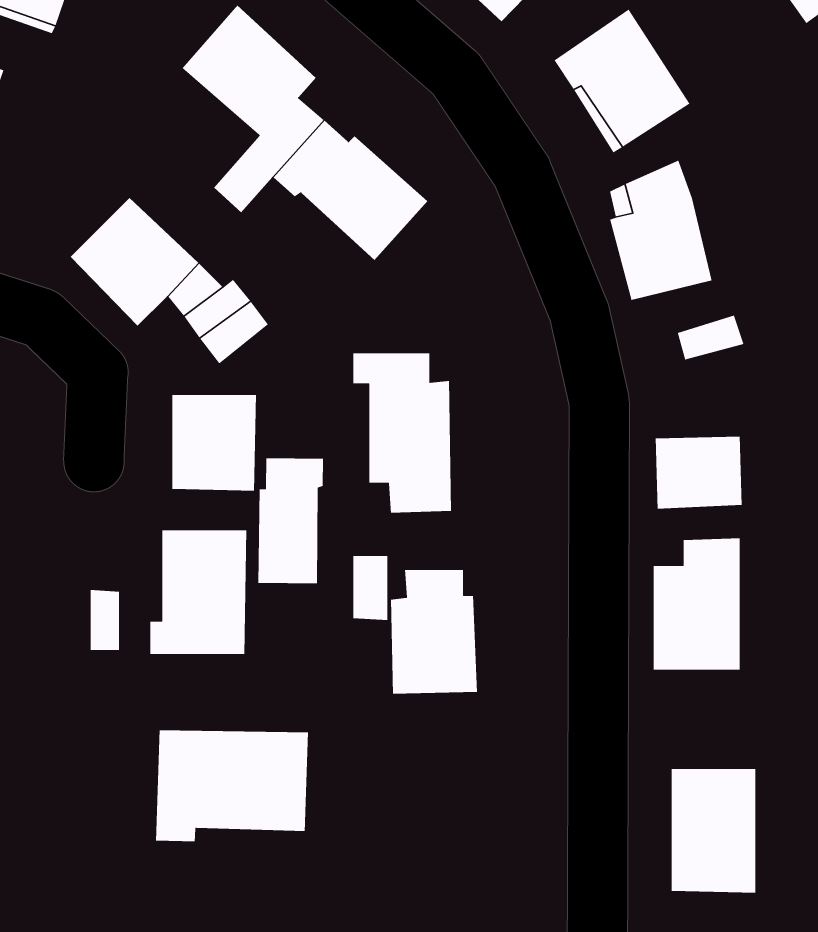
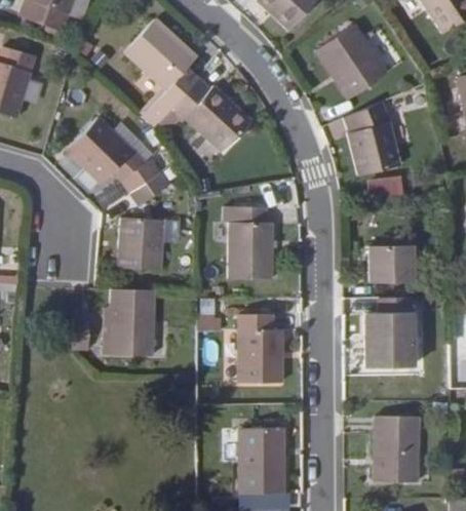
building: [257,457,324,584] -> none
building: [155,729,309,842] -> none
building: none -> [244,429,288,493]

